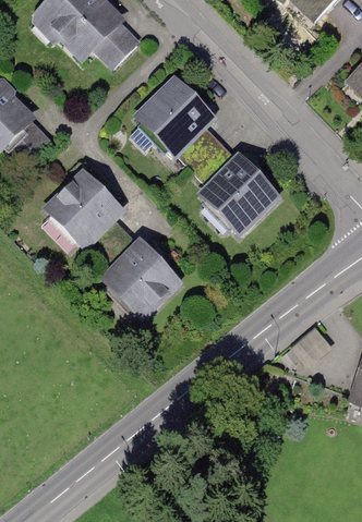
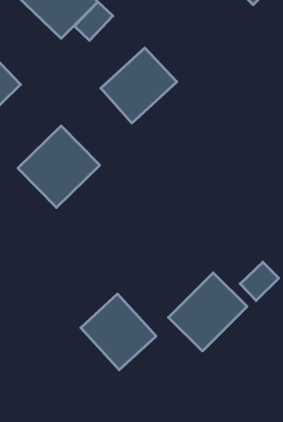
building: [196,153,280,235] -> none
building: [99,234,186,323] -> [81,294,156,370]
building: none -> [168,273,247,351]

